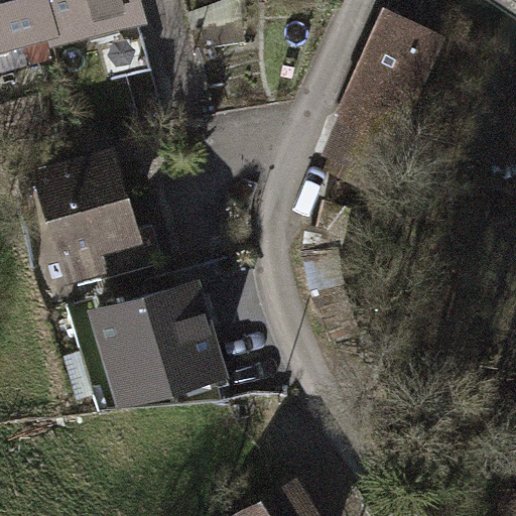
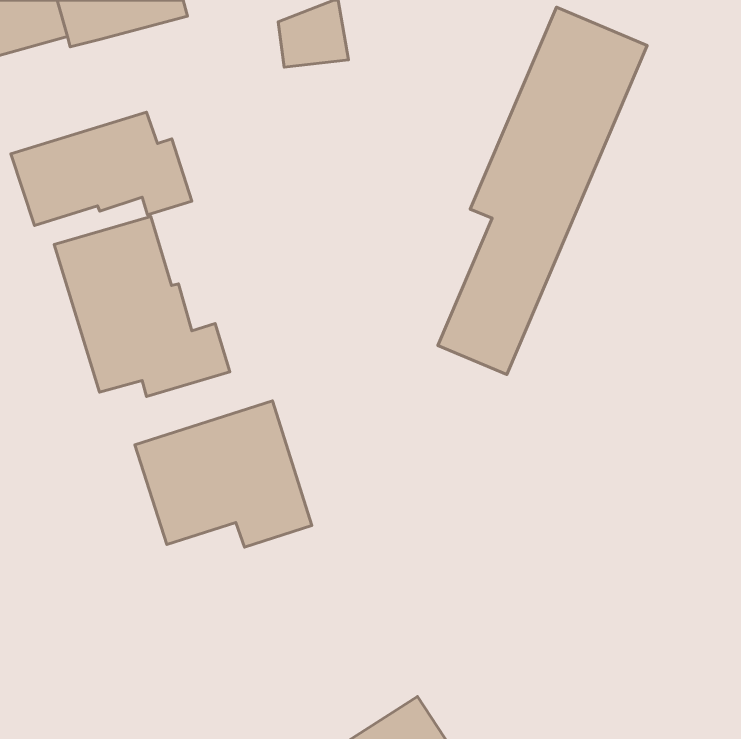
building: none -> [11,112,192,226]

